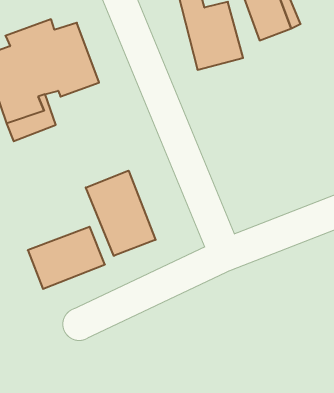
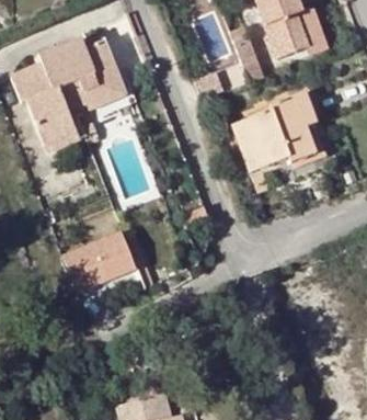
building: none -> [232,90,325,170]
building: [86,171,156,256] -> none

